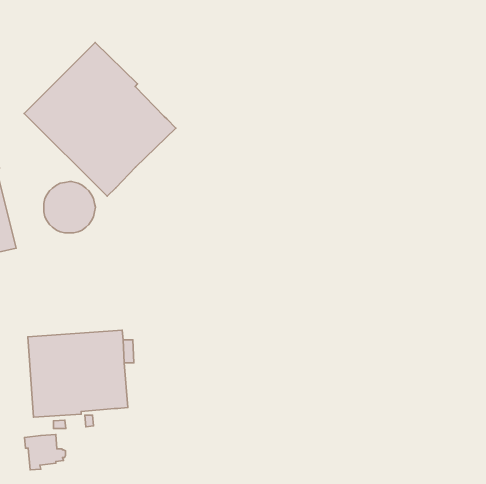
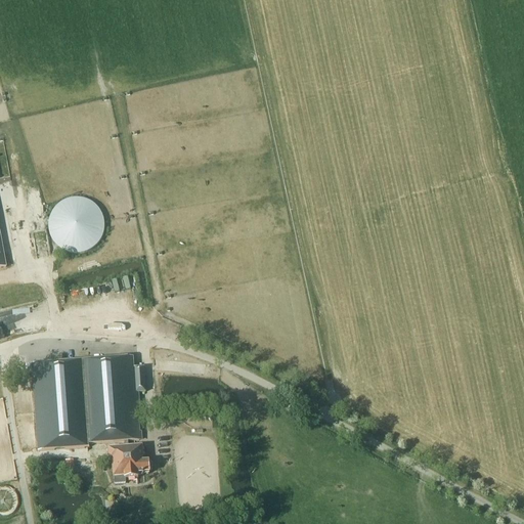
building: [24,43,176,196] -> none
building: [24,435,66,470] -> [106,443,150,481]

